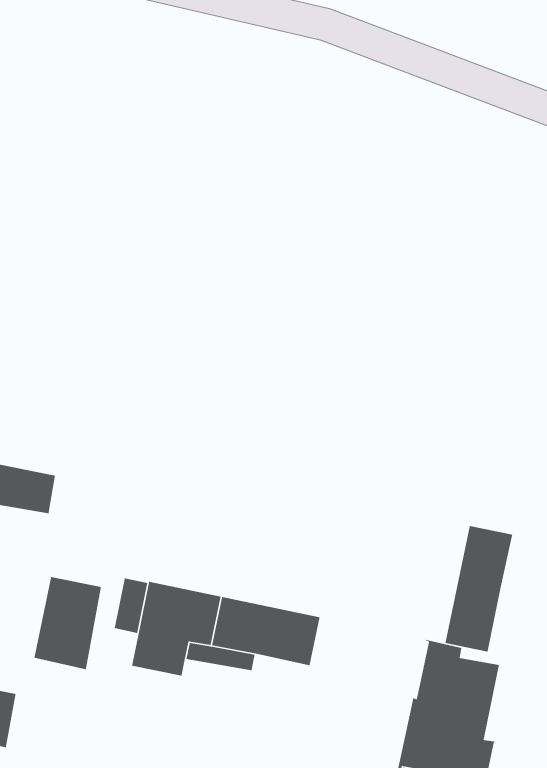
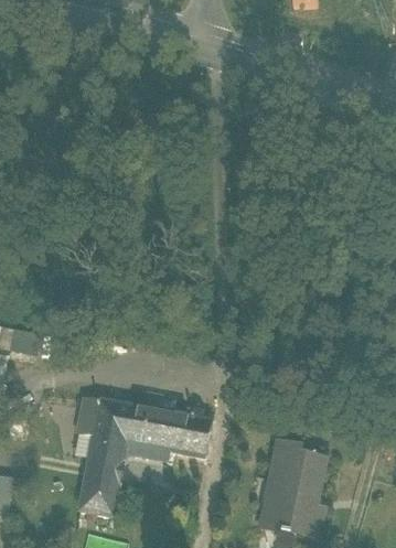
building: [444,525,513,653] -> none
building: [34,576,102,670] -> [77,454,121,515]

